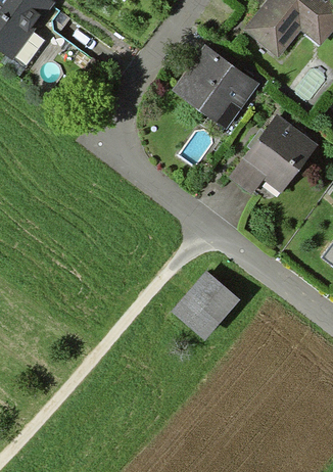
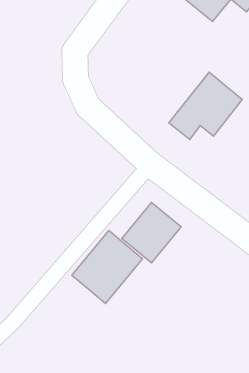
building: [173,45,259,130] -> none
building: none -> [72,231,143,304]

